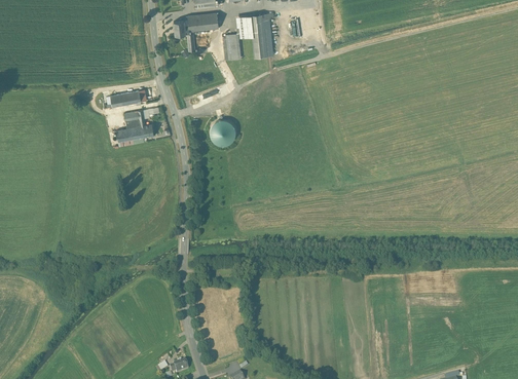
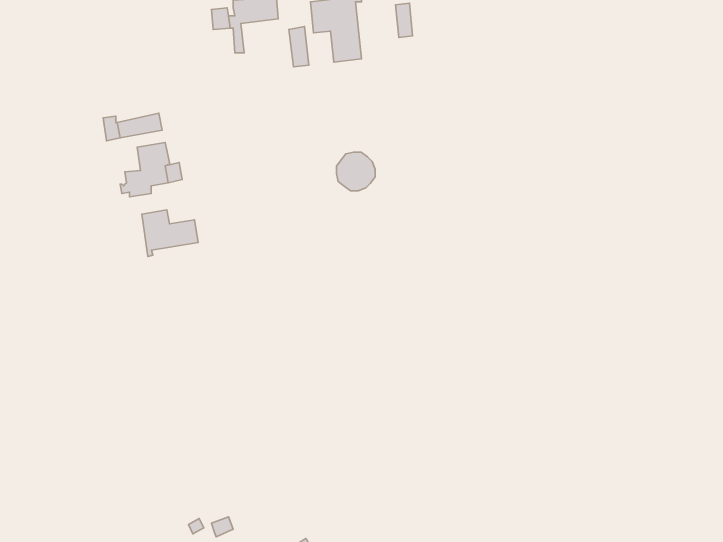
building: [210,119,235,145] -> [336,152,375,191]
building: none -> [142,210,198,256]

